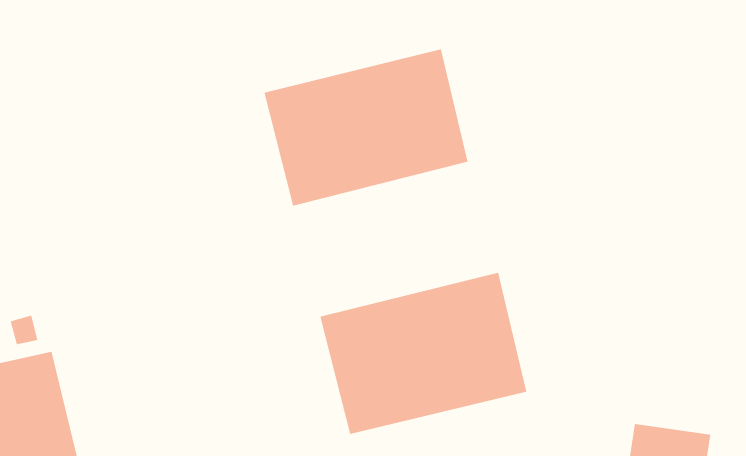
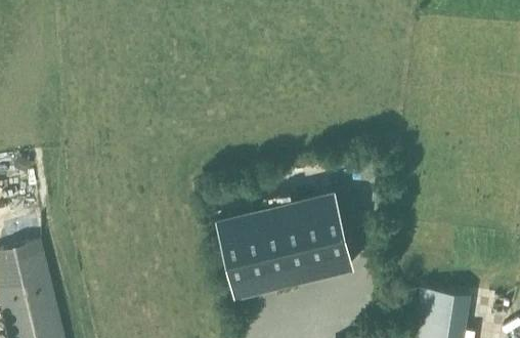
building: [264,49,468,207] -> none

